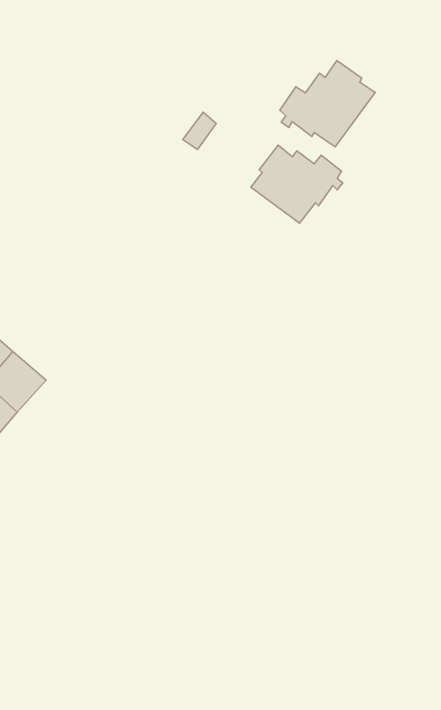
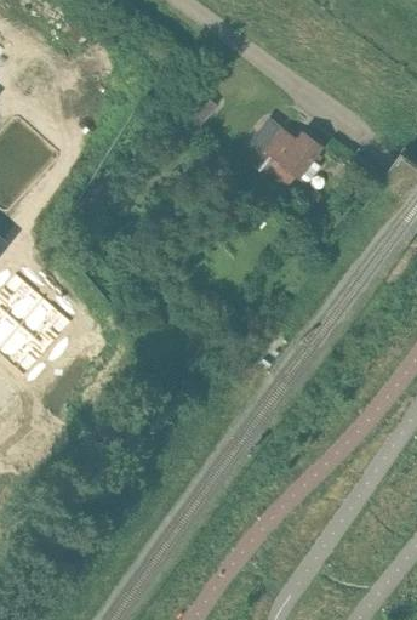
building: [280,61,375,147] -> none

